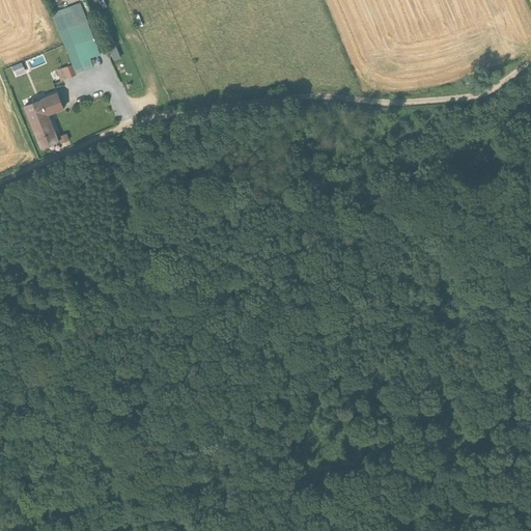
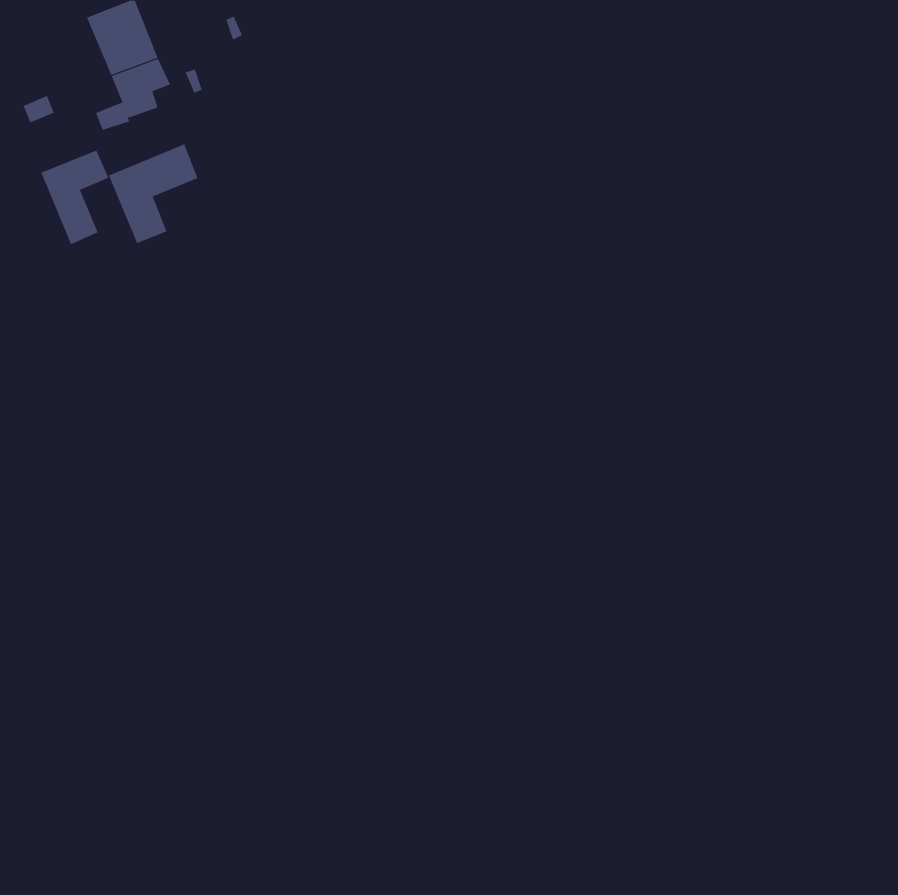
building: none -> [108,144,198,244]

